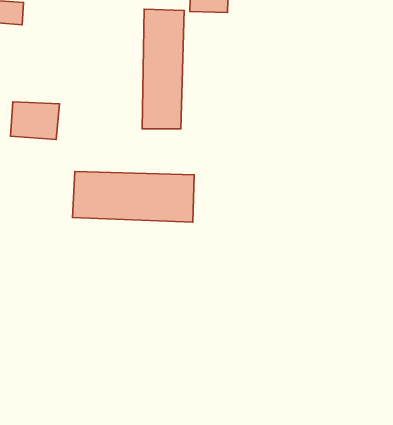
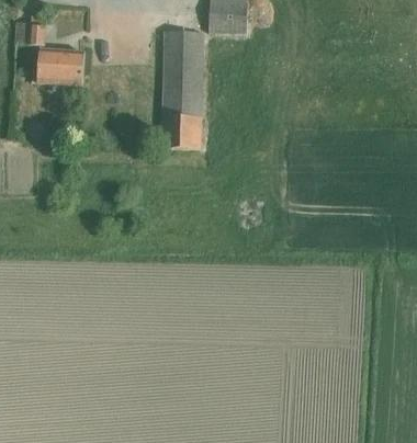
building: [11,102,59,139] -> [37,47,86,84]
building: [72,172,194,222] -> none

